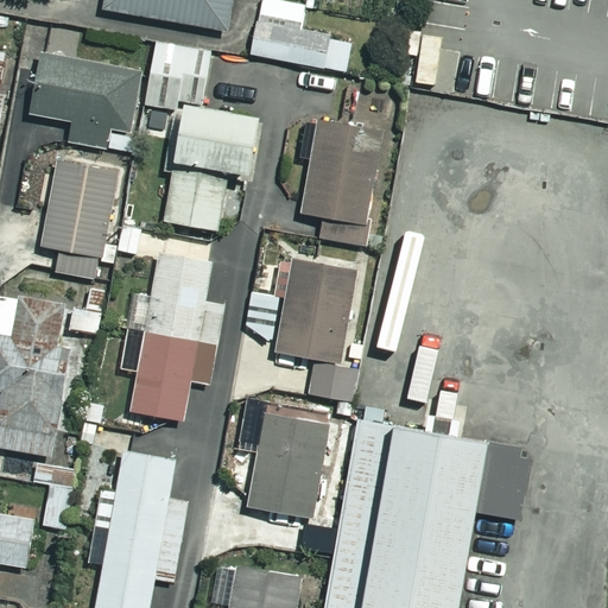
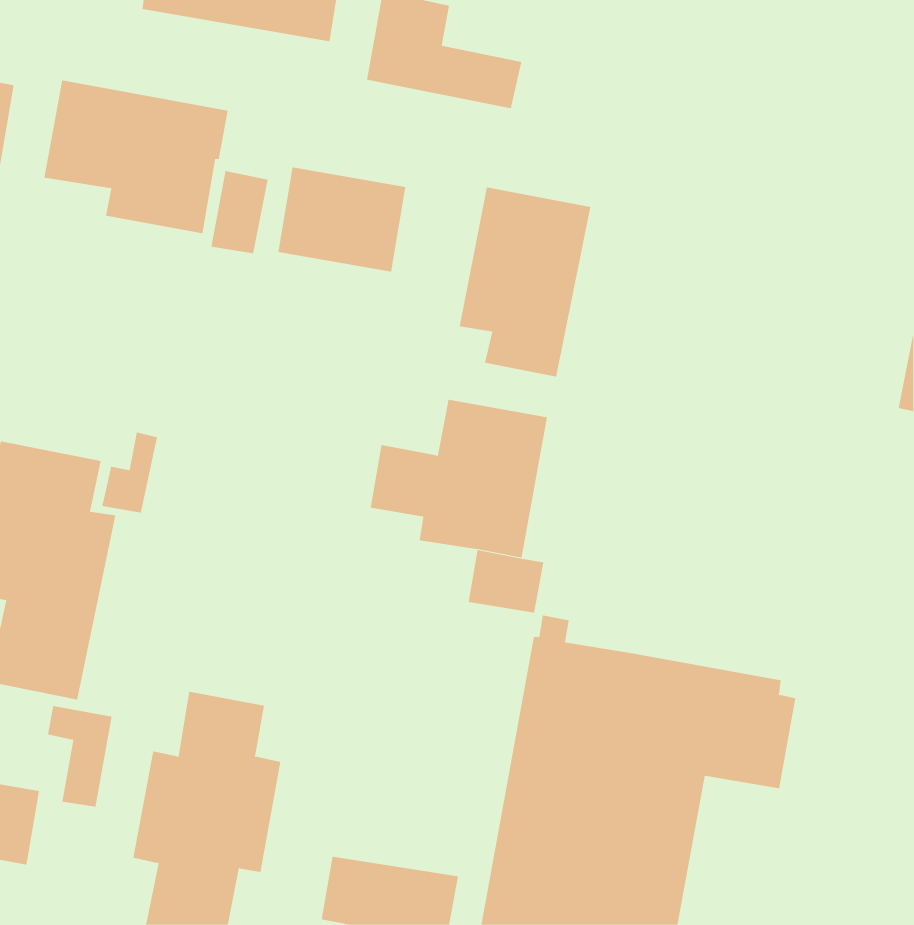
building: [144,43,213,110] -> none
building: [42,159,119,280] -> none
building: [165,173,228,232] -> none
building: [122,255,223,422] -> none
building: [246,417,327,524] -> none

